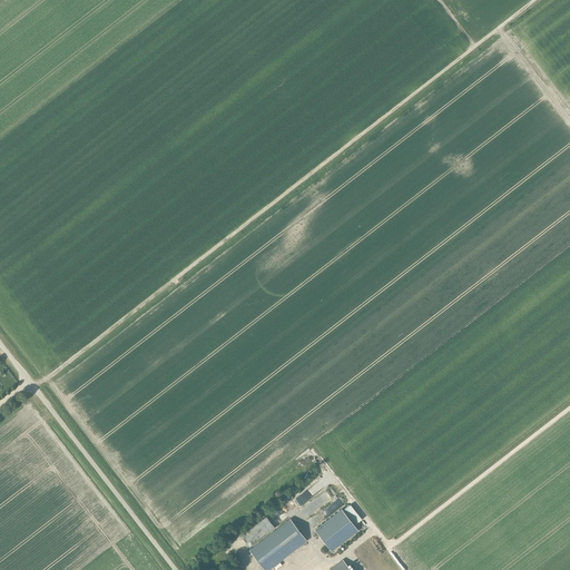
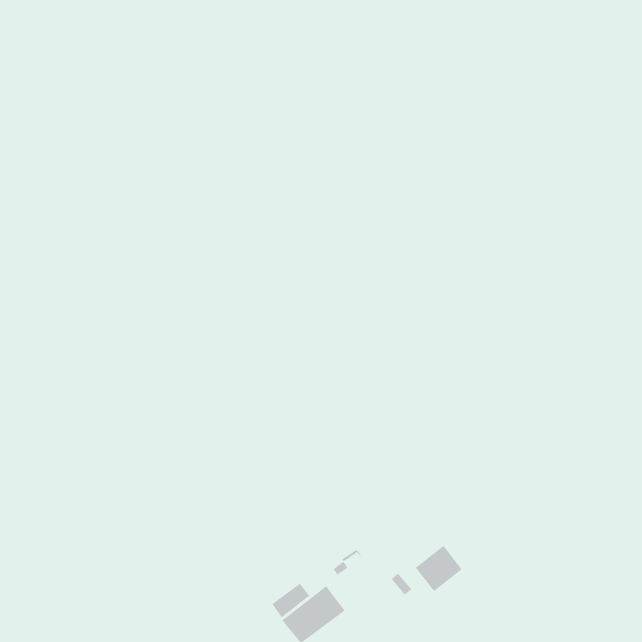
building: [315,510,357,551] -> [415,545,463,592]

